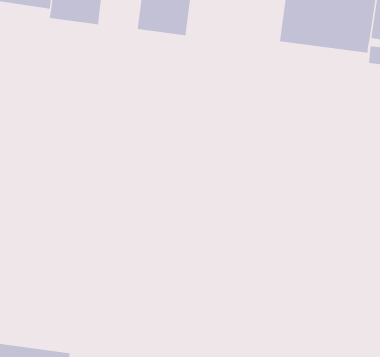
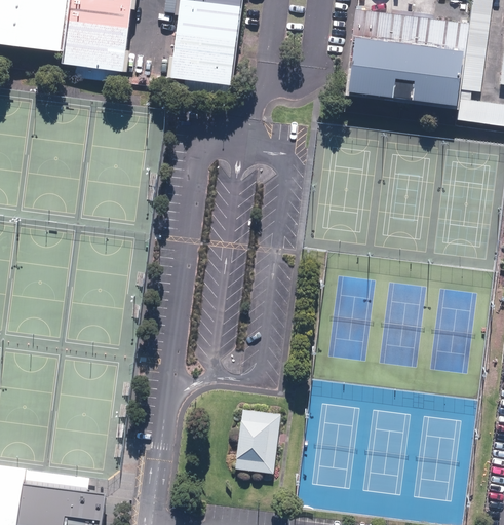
building: none -> [235,409,280,474]

